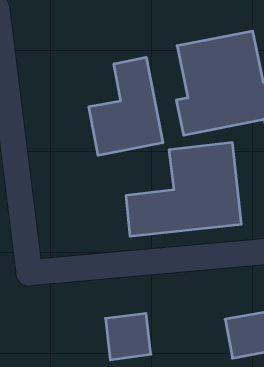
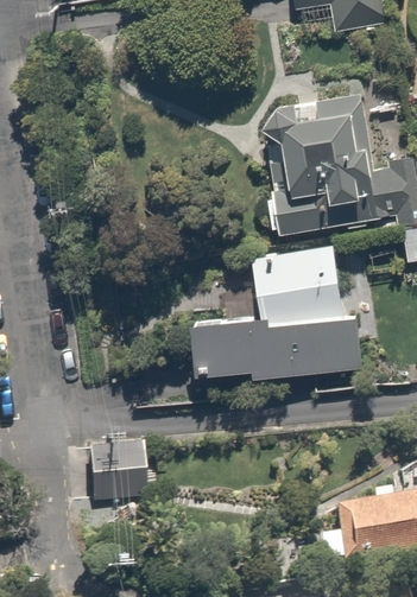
building: [89,57,163,155] -> none
building: [105,313,151,360] -> [83,439,150,507]

